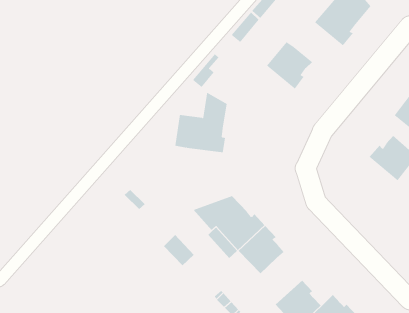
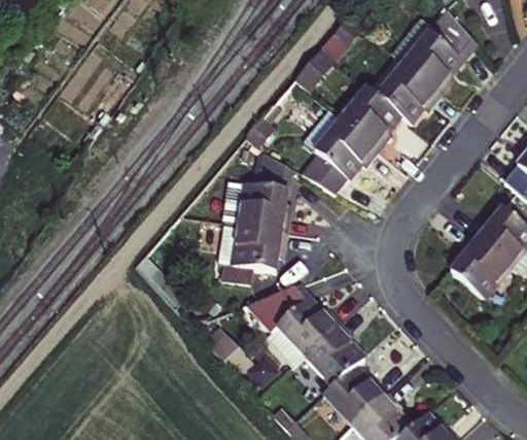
building: none -> [377,63,440,123]
building: none -> [302,109,378,194]
building: none -> [218,225,286,283]
building: none -> [451,236,510,299]
building: none -> [323,366,387,426]

